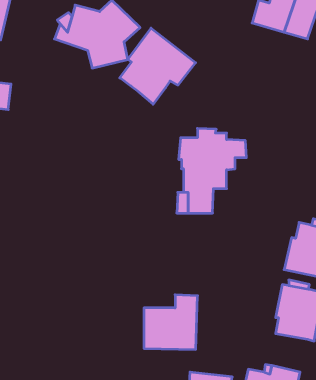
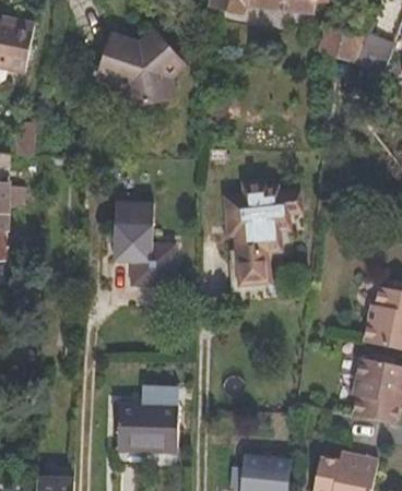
building: [120,28,196,104] -> none
building: none -> [113,201,177,287]
building: [144,295,198,349] -> [118,381,180,444]

